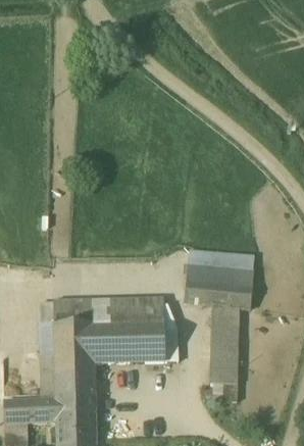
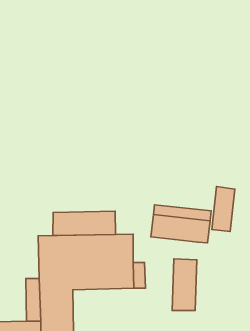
building: none -> [212,186,235,231]
building: none -> [53,211,116,236]
building: [210,299,238,323] -> none

